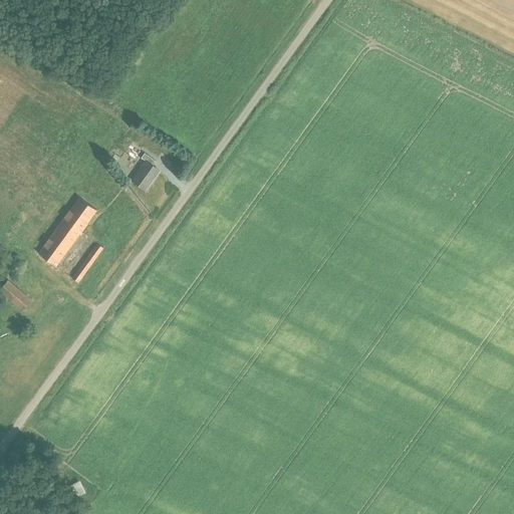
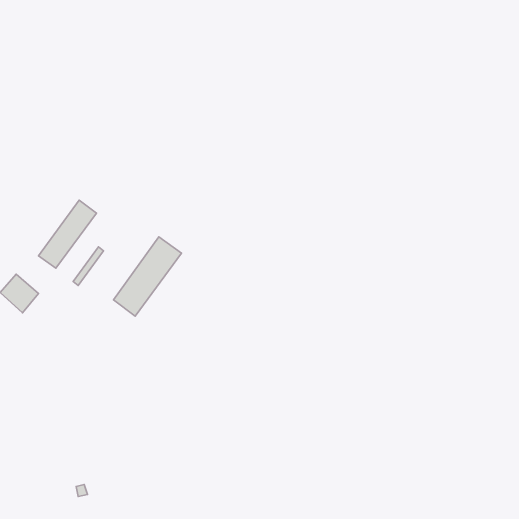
building: [131,154,158,192] -> none
building: none -> [113,237,182,316]

